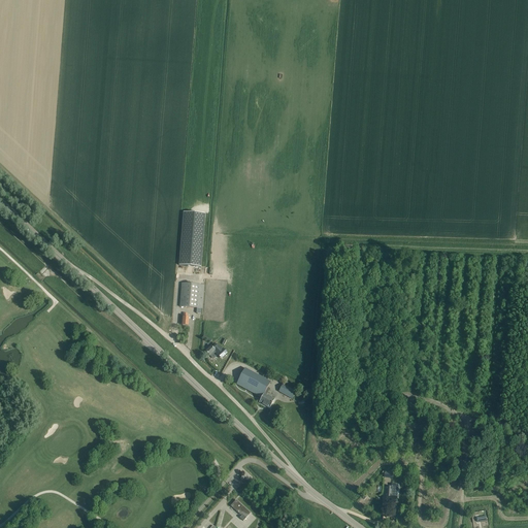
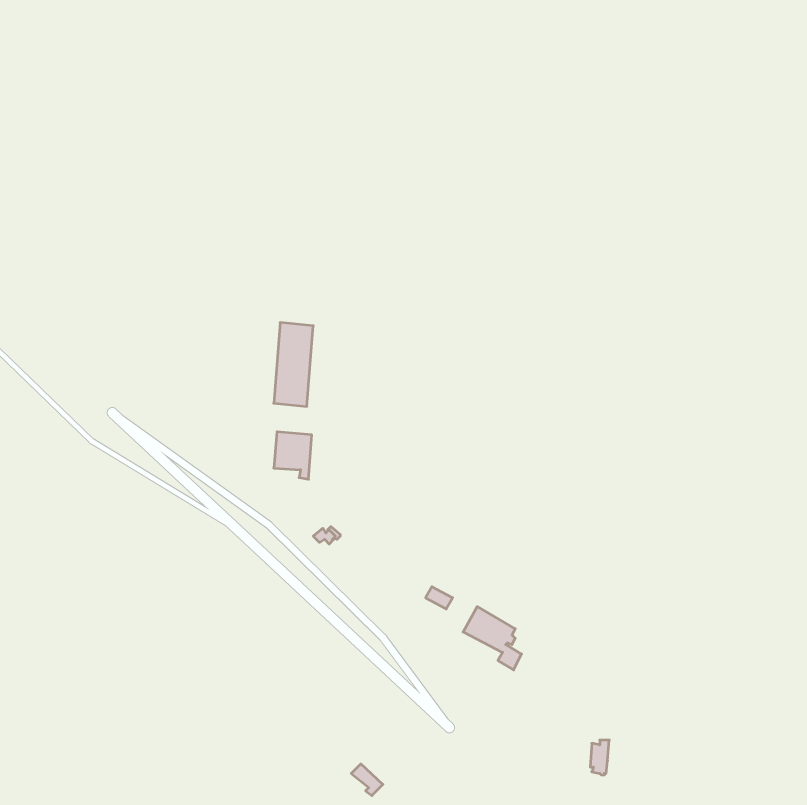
building: [235,366,273,407] -> [463,607,522,670]

